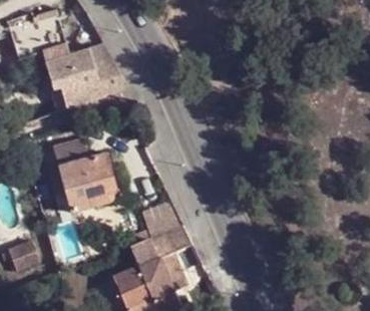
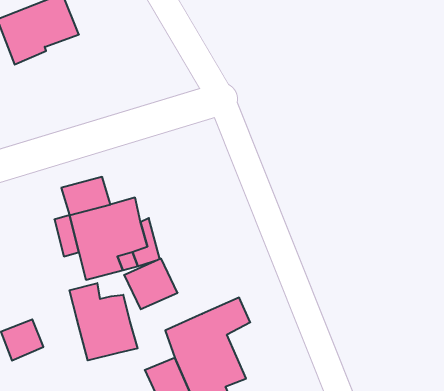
building: [43,43,124,109] -> none
building: [143,201,182,238] -> [124,259,178,309]
building: none -> [69,283,138,360]

